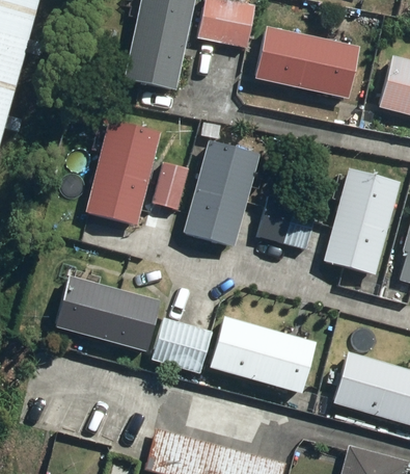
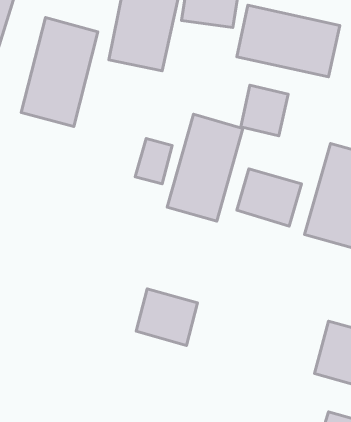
building: none -> [241,85,288,136]
building: [85,114,164,227] -> [21,18,98,127]
building: [57,274,165,352] -> none
building: [210,317,318,395] -> none

